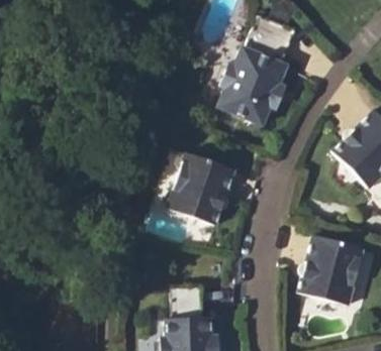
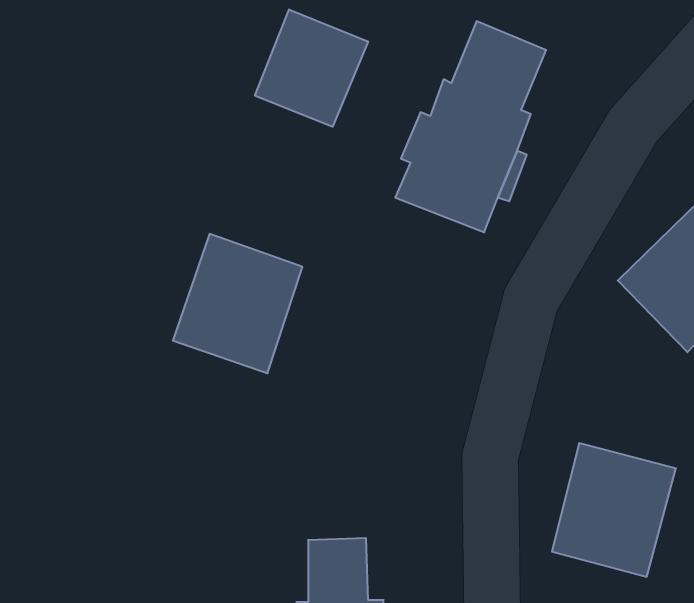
building: none -> [255,9,368,127]
building: [168,154,235,227] -> [173,234,302,373]

